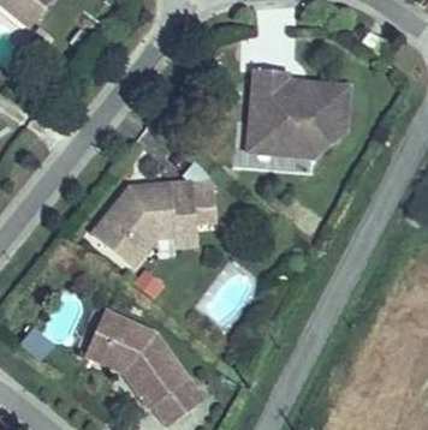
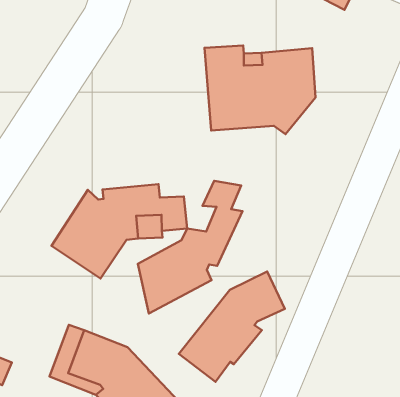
building: none -> [138,181,243,313]
building: none -> [179,271,285,382]

